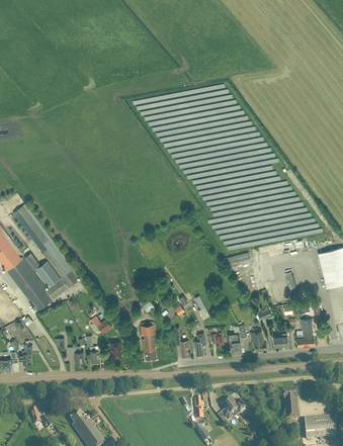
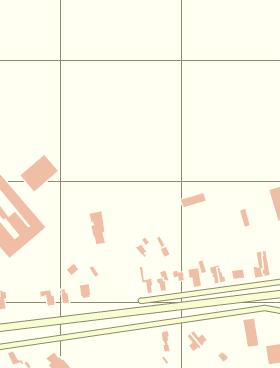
building: none -> [19,154,59,192]
building: [141,324,157,359] -> [89,211,106,245]

